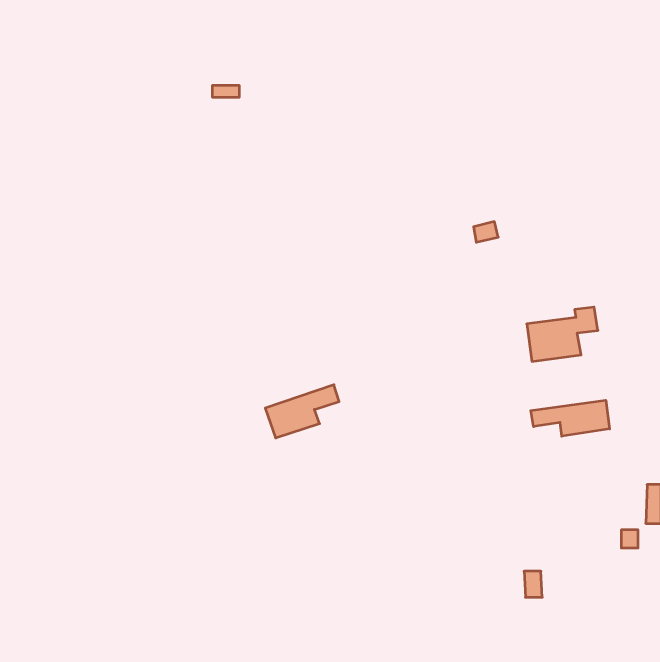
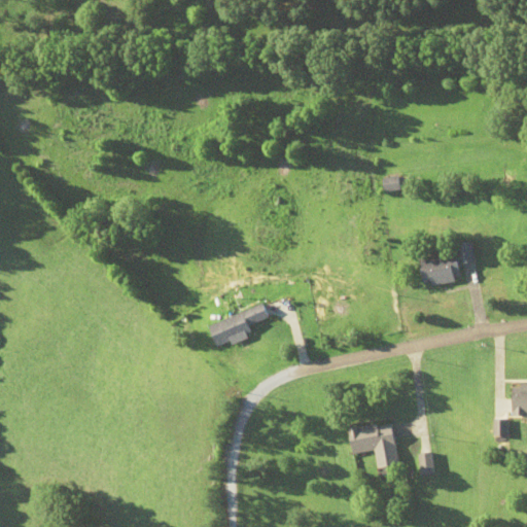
building: [531,400,610,436] -> none
building: none -> [347,422,398,469]

